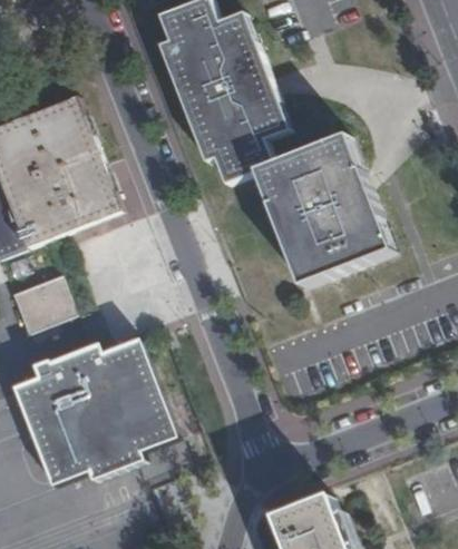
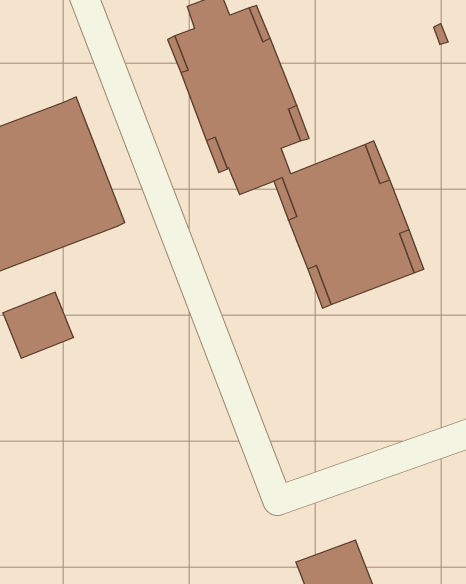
building: [14,340,175,484] -> none

